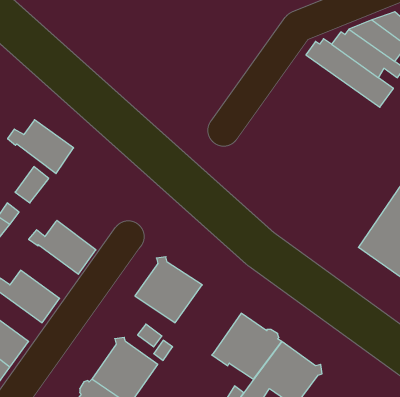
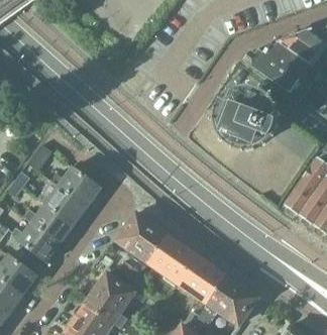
building: none -> [221,95,274,148]
building: [8,120,74,174] -> [51,166,101,207]
building: none -> [24,203,75,243]
building: none -> [147,233,197,285]

